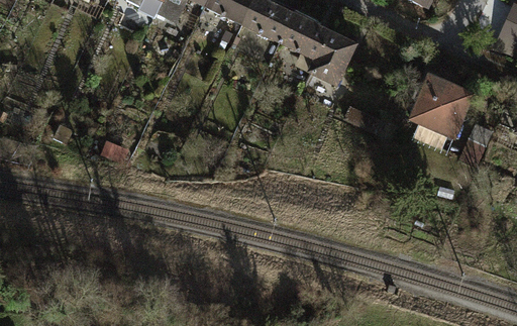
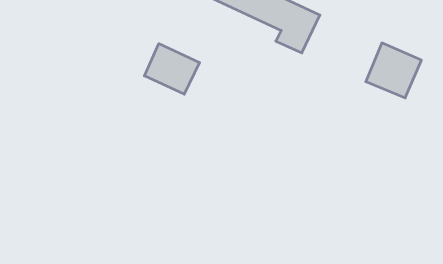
building: none -> [144,44,200,94]

